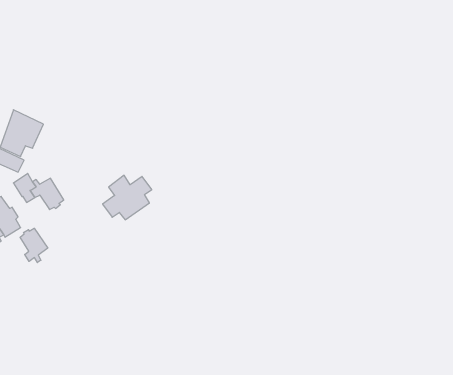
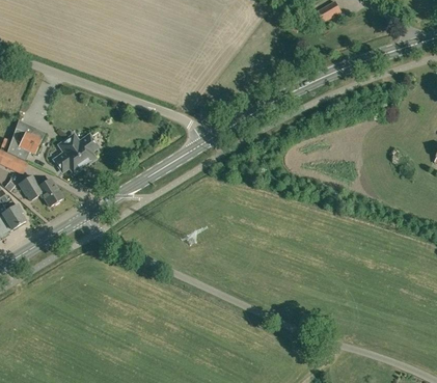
building: [103,175,152,220] -> [55,134,98,172]
building: [20,228,48,263] -> none

